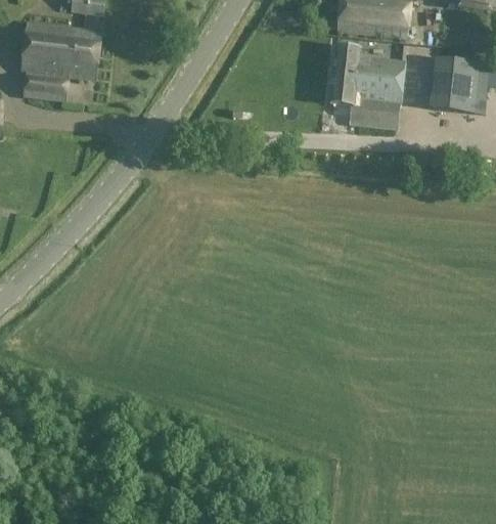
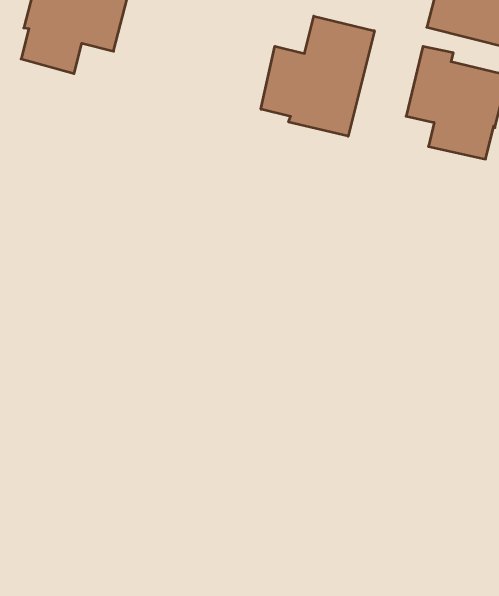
building: none -> [261,16,374,136]

